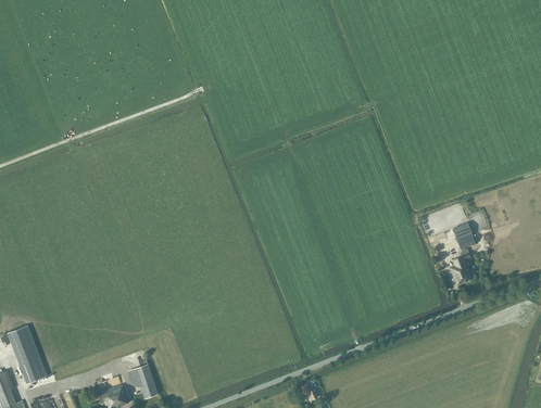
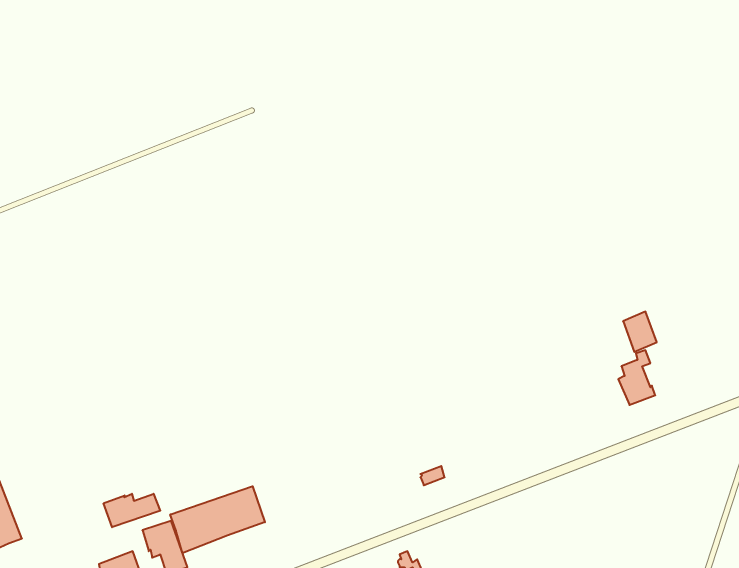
building: none -> [170,486,265,553]
building: none -> [104,494,160,527]

